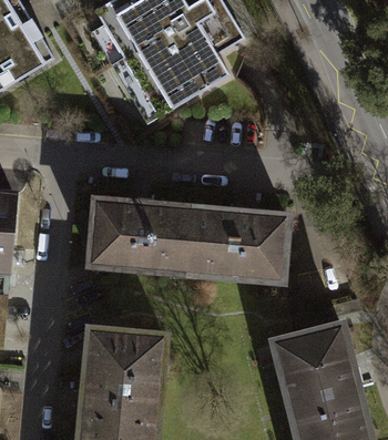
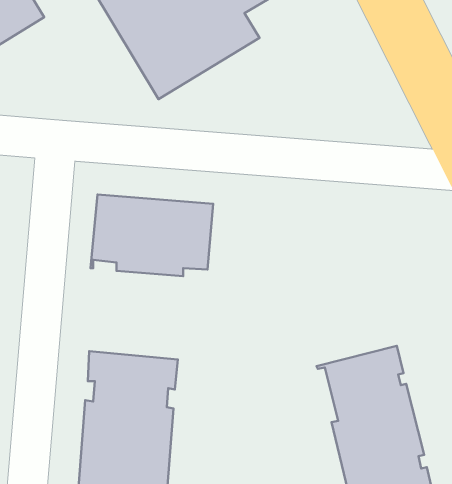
building: [187,209,286,278] -> none

